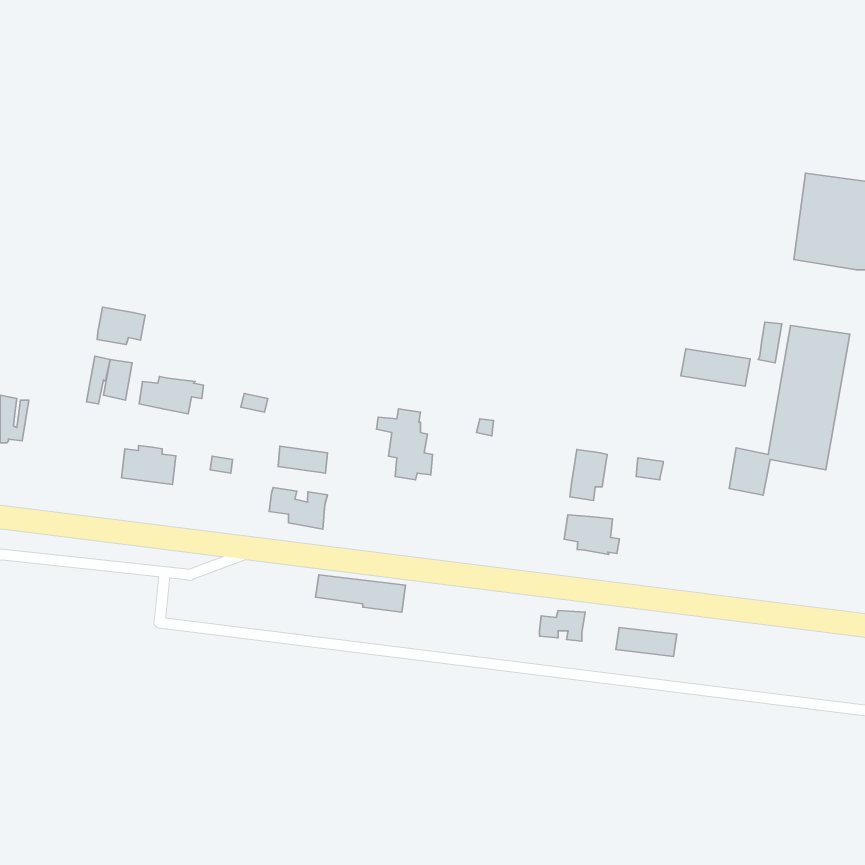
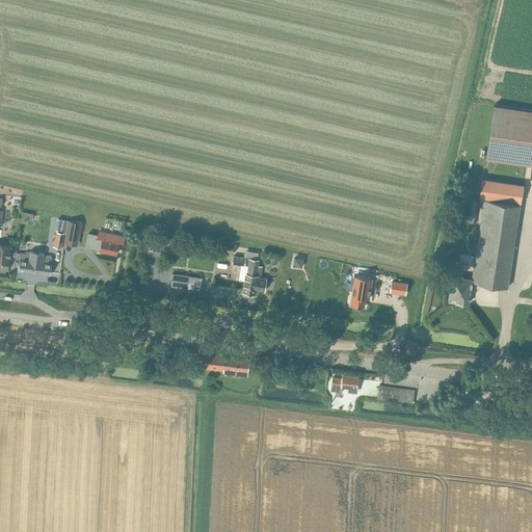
building: [97,307,145,344] -> none
building: [681,349,750,386] -> [480,181,523,204]
building: [121,446,176,485] -> [19,251,52,275]
building: [269,487,327,529] -> none
building: [564,515,620,555] -> none

